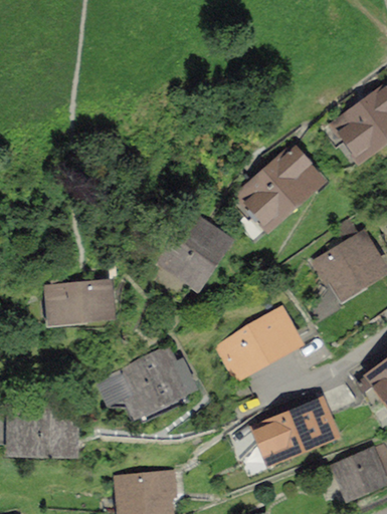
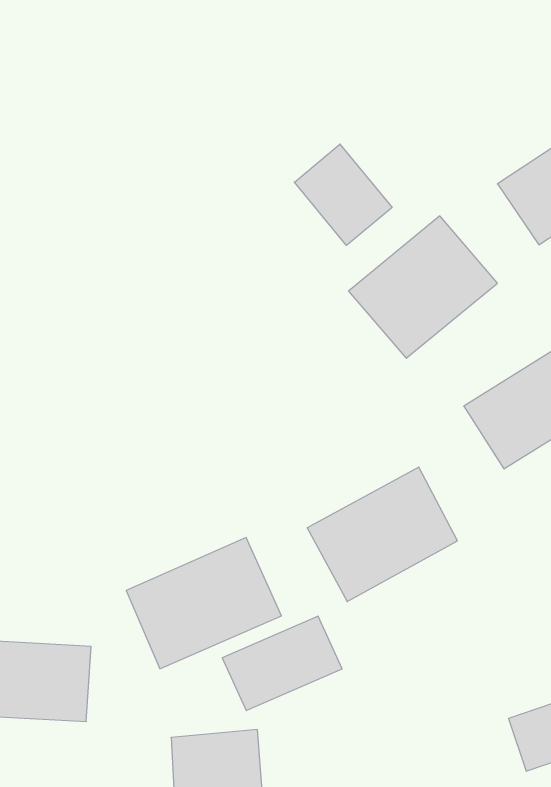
building: none -> [294,144,392,245]
building: [156,205,233,288] -> none
building: [33,272,106,323] -> none
building: [263,396,339,455] -> [222,616,342,711]

